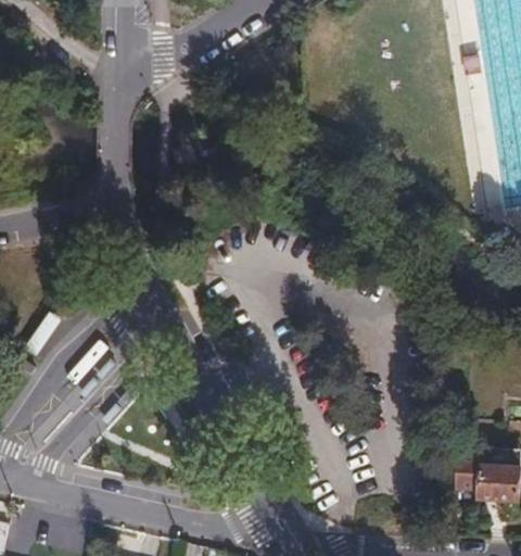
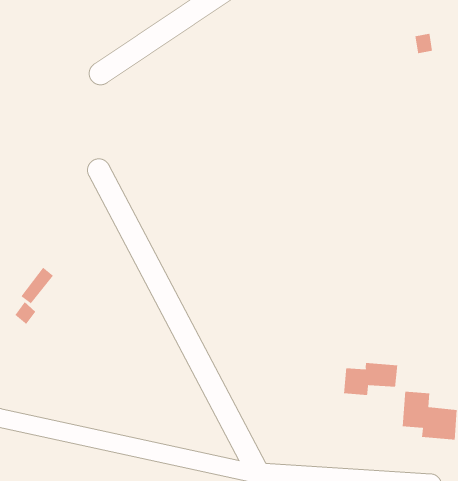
building: none -> [344,362,398,396]

